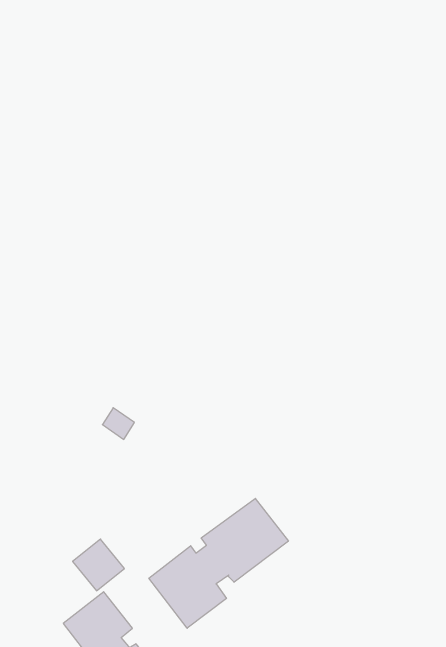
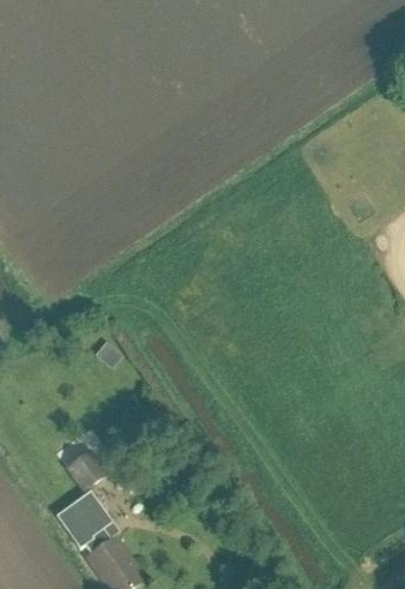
building: [149,498,288,628] -> none

